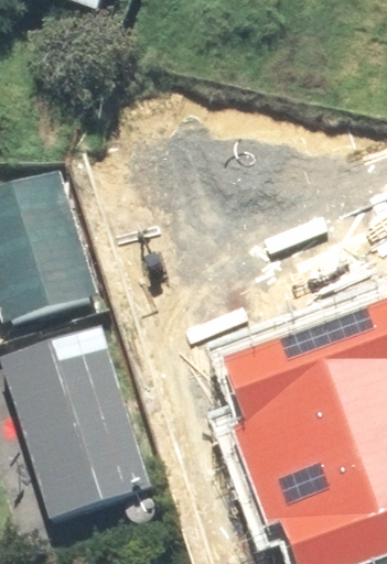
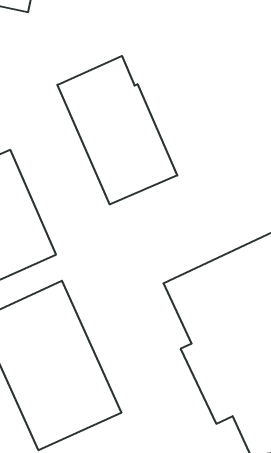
building: none -> [57,56,177,204]

